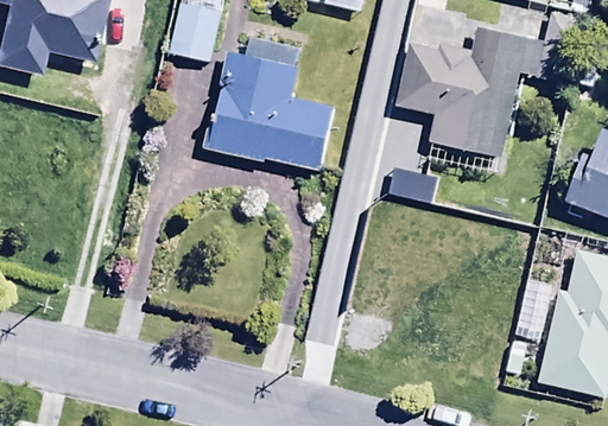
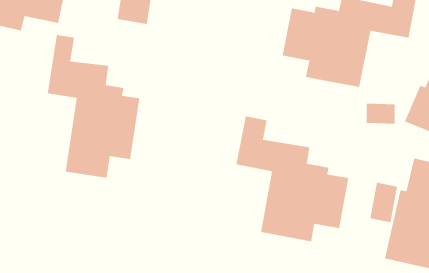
building: [201,43,334,171] -> none
building: none -> [47,34,140,178]
building: none -> [236,115,349,242]

